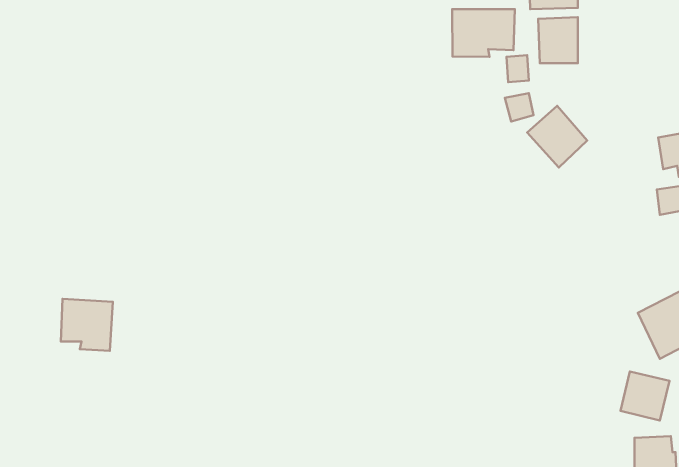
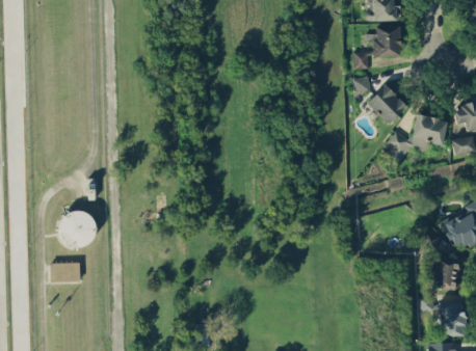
building: [452,9,515,57] -> none
building: none -> [387,114,448,158]
building: none -> [50,262,80,281]

